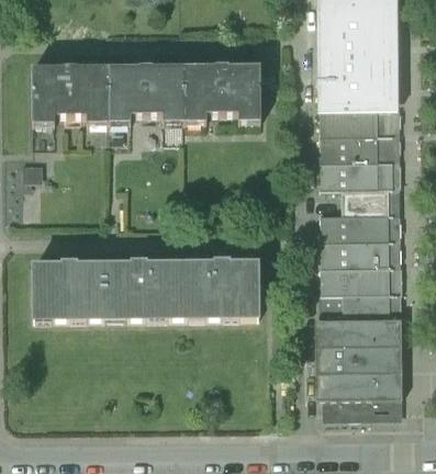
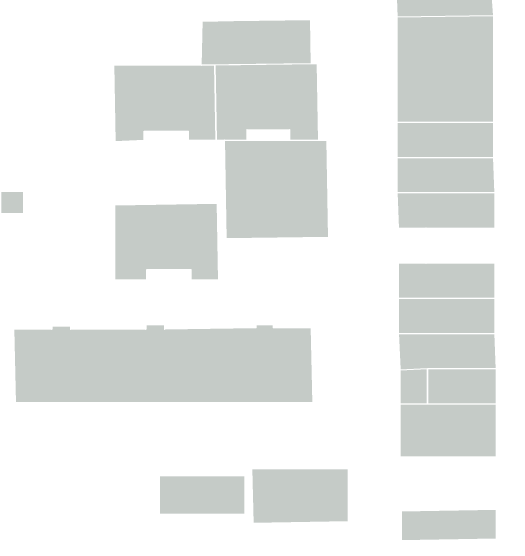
building: none -> [201,20,311,65]
building: [33,65,111,122] -> [115,204,219,280]
building: none -> [225,140,328,239]
building: [344,187,395,213] -> none
building: [324,358,396,398] -> [252,469,348,523]
building: none -> [160,475,245,515]

